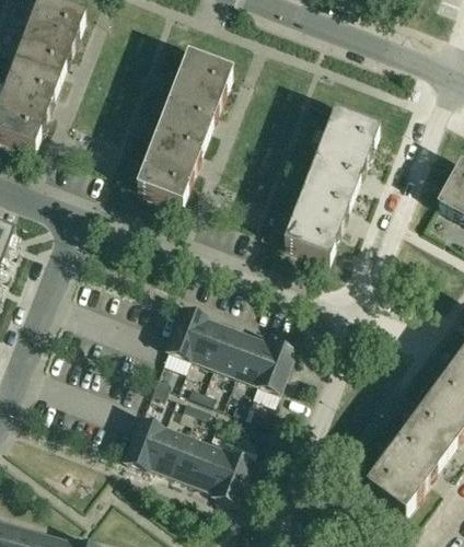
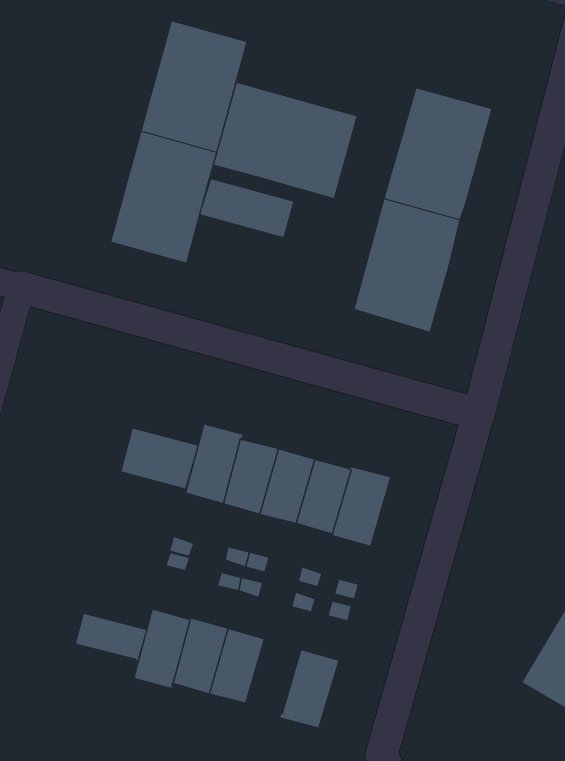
building: none -> [213,82,357,199]
building: none -> [200,179,294,238]
building: none -> [121,428,197,489]
building: none -> [75,613,147,661]
building: [190,442,228,489] -> none

